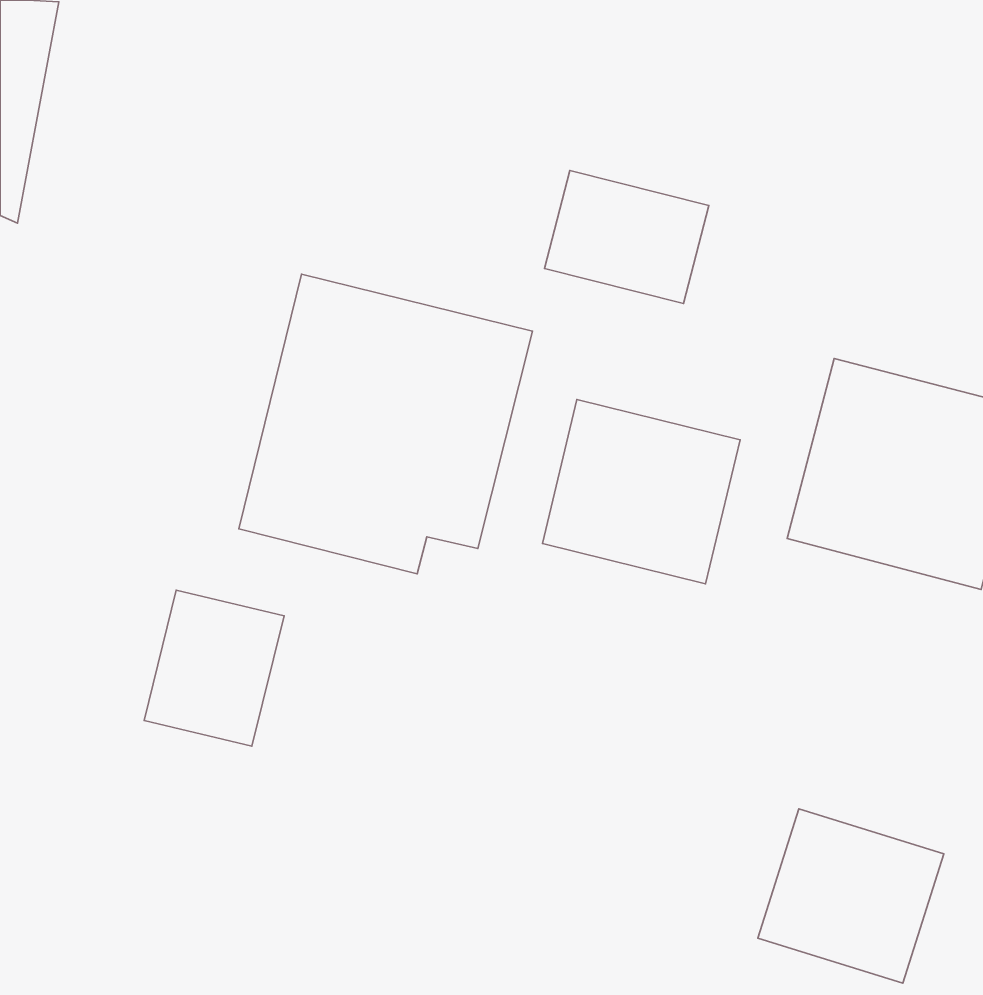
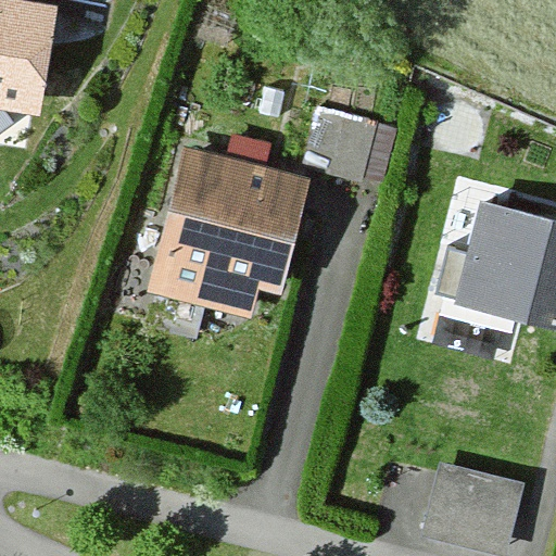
building: [543,400,740,584] -> none
building: [144,590,284,746] -> none

